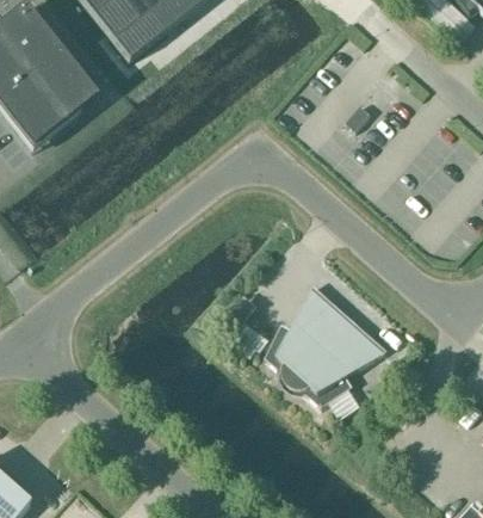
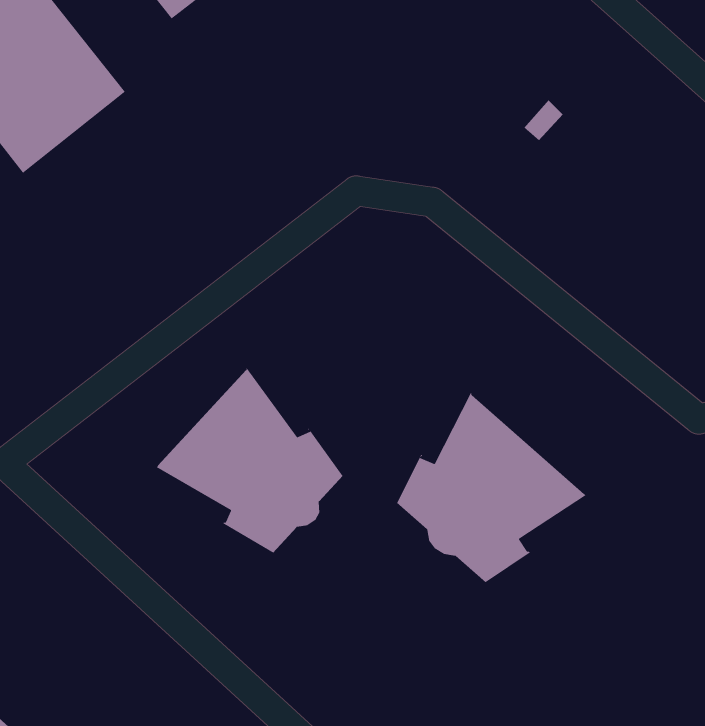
building: none -> [156,368,343,554]

